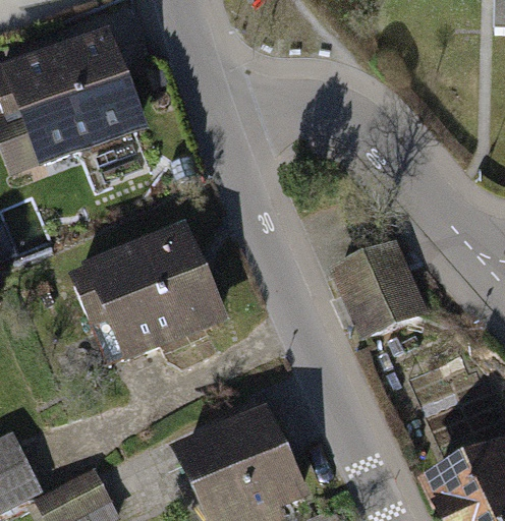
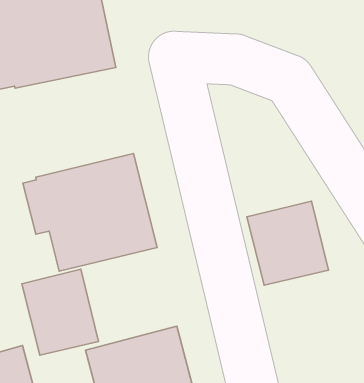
building: none -> [22,269,98,355]

